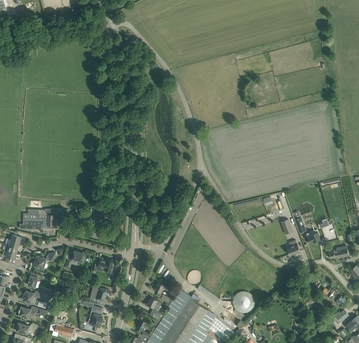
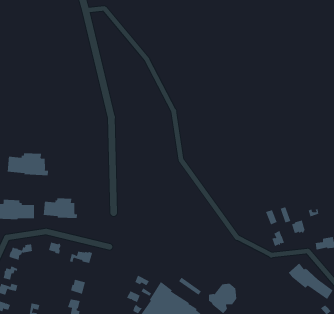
building: none -> [7,153,49,176]
building: none -> [43,198,78,219]

